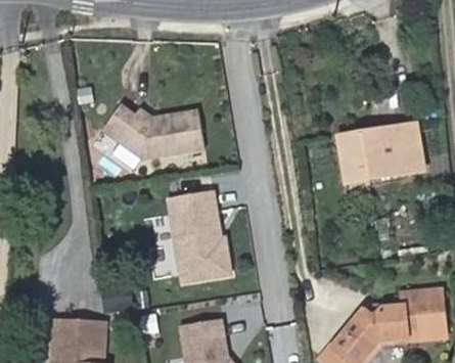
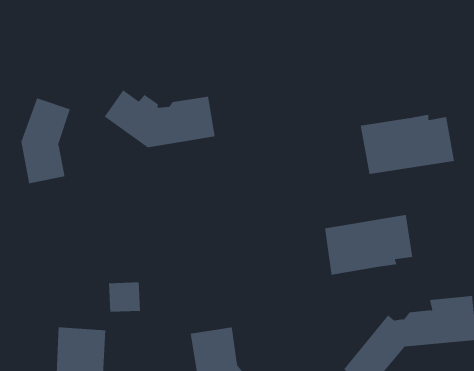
building: none -> [21,97,71,184]
building: [169,192,229,281] -> none
building: none -> [325,214,413,275]

